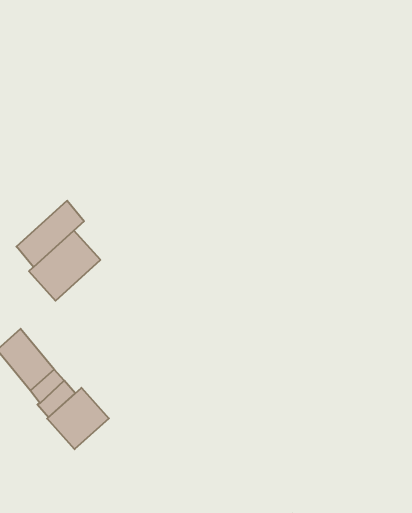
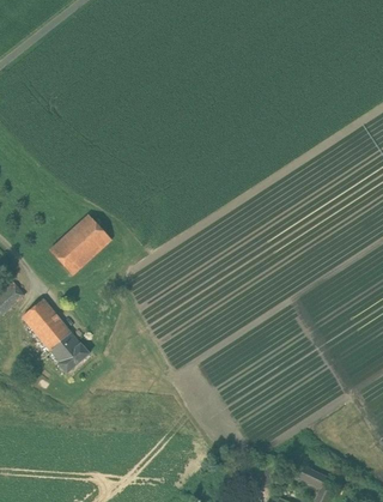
building: [16,201,84,267] -> none
building: [47,388,109,449] -> none

